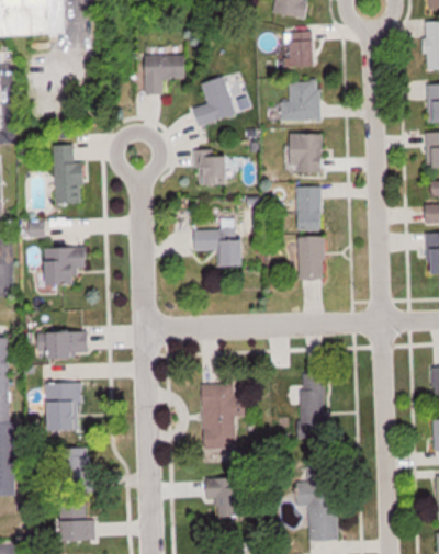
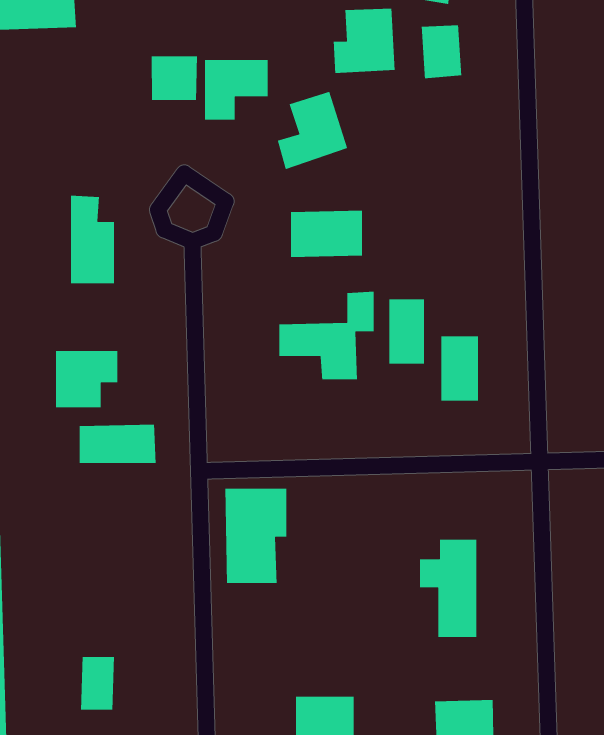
building: none -> [151,56,198,101]
building: [280,79,322,123] -> [333,8,396,74]
building: [290,132,324,171] -> none
building: [297,186,322,230] -> [388,298,425,365]
building: [37,331,89,358] -> [79,424,157,464]
building: [36,384,80,431] -> none
building: [201,384,243,448] -> [224,488,287,584]

